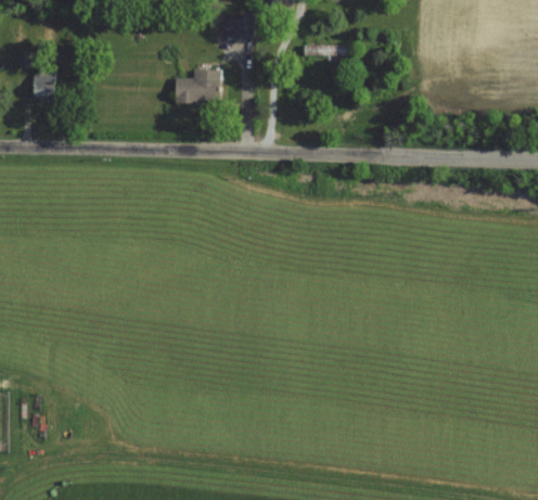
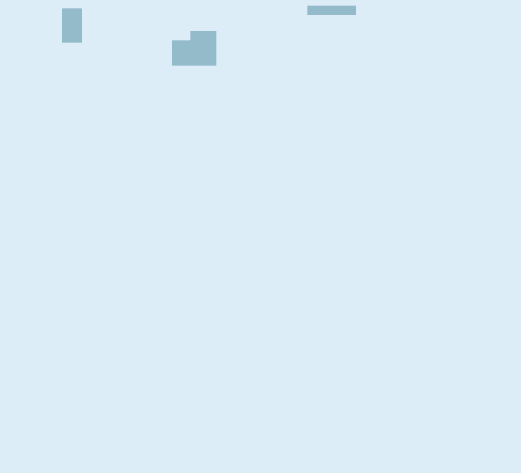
building: [35,67,55,101] -> [61,8,83,43]

